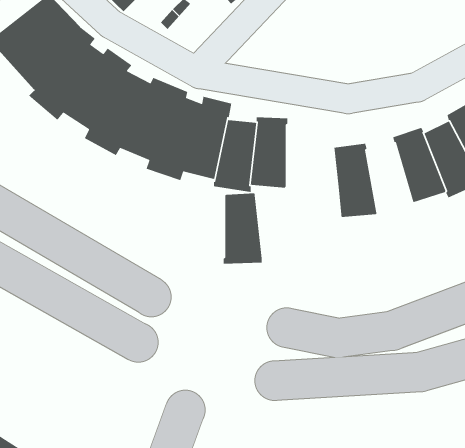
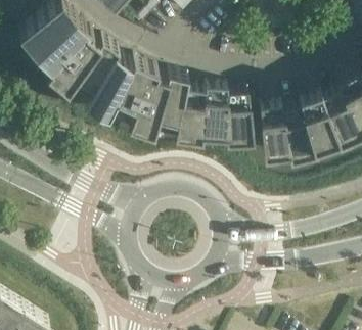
building: none -> [280,106,314,159]
building: [223,193,263,265] -> [224,92,252,142]

